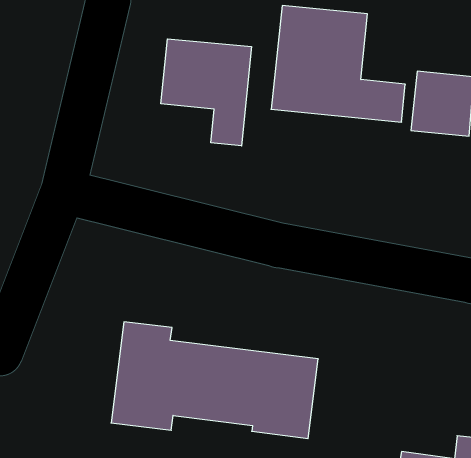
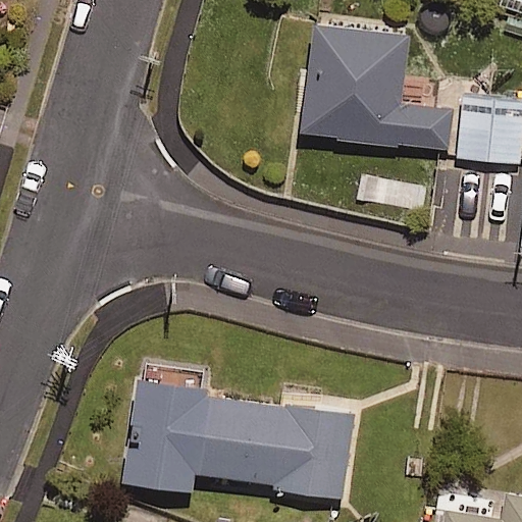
building: [161,39,251,146] -> none

